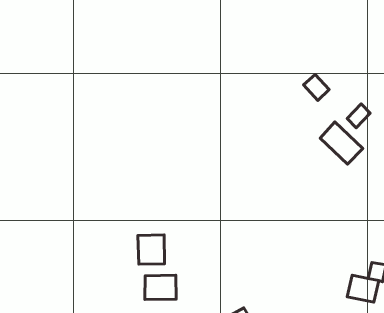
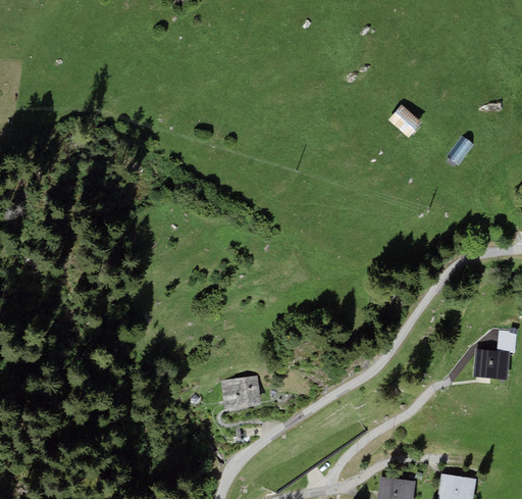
building: [320,122,363,164] -> none
building: [138,235,165,264] -> none

